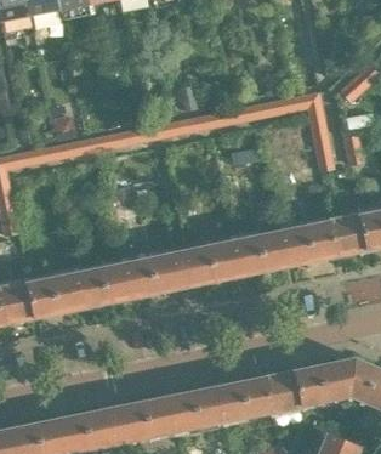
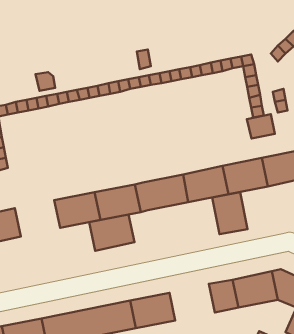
building: none -> [247,114,275,138]
building: none -> [212,192,247,234]
building: [25,273,81,318] -> [89,214,134,251]
building: [216,376,272,421] -> none

